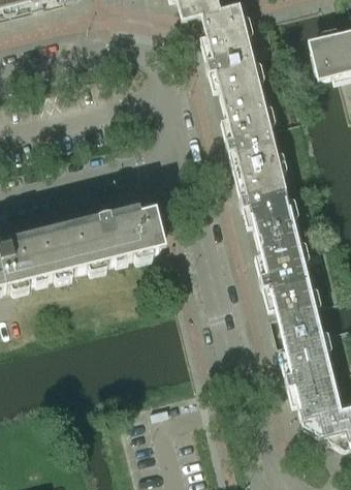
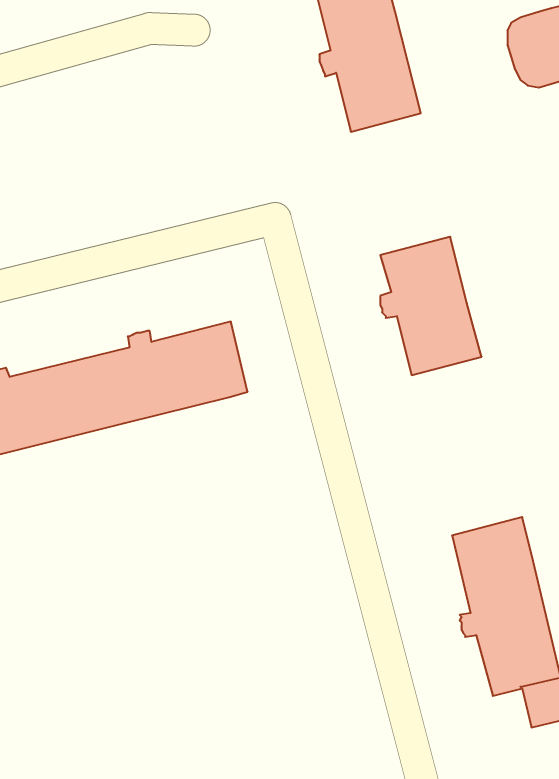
building: [222,91,278,171] -> none
building: [256,227,318,328] -> none

